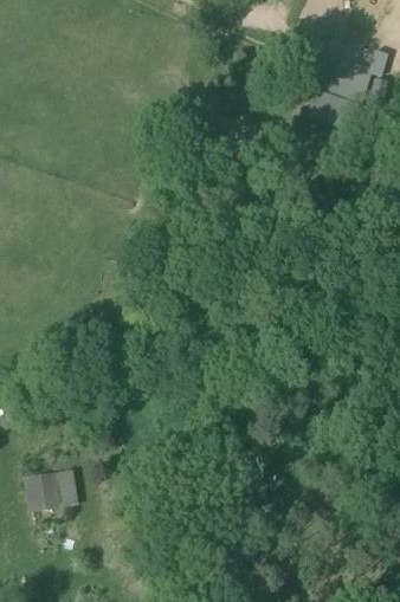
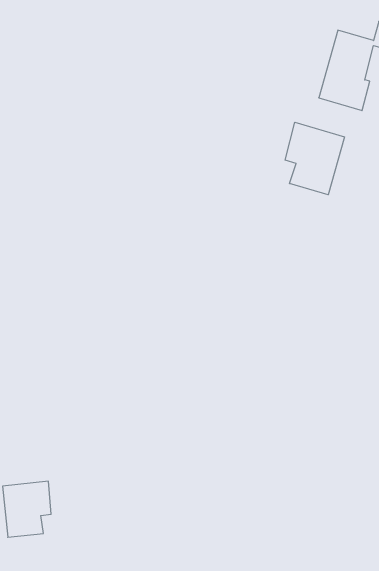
building: none -> [285,122,345,195]

